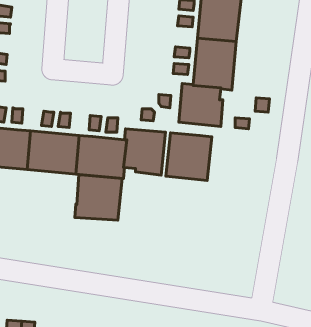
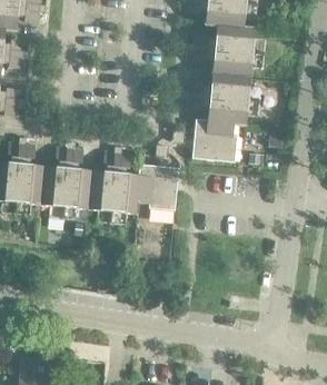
building: [166,133,212,180] -> none
building: [75,174,122,220] -> none

